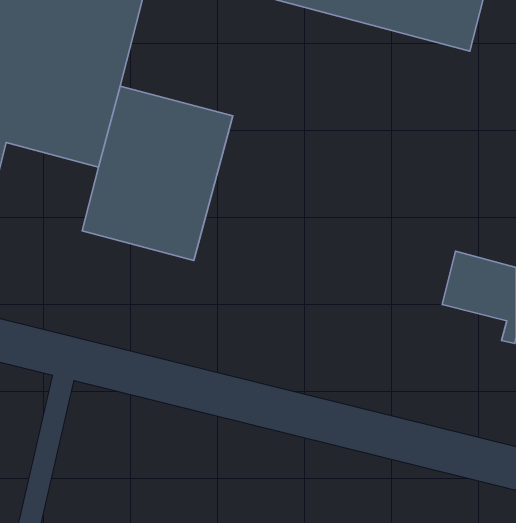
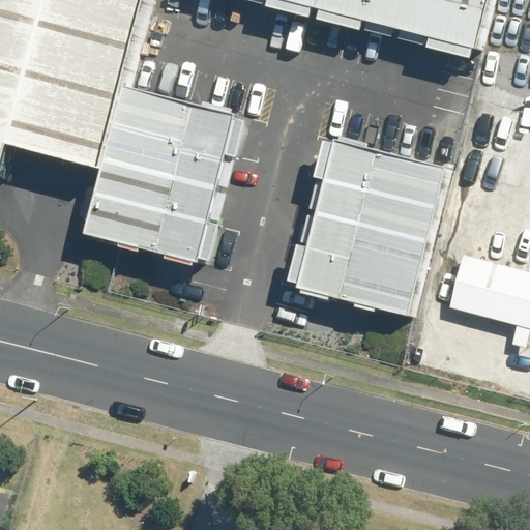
building: none -> [296,143,445,315]

